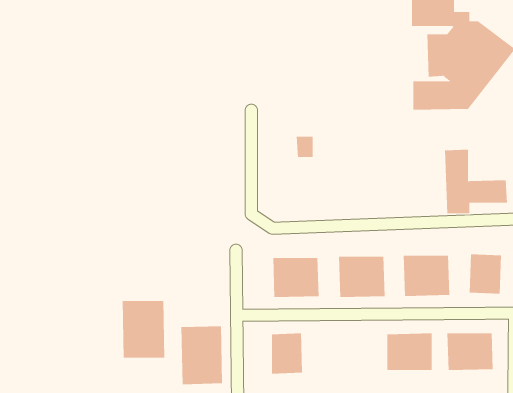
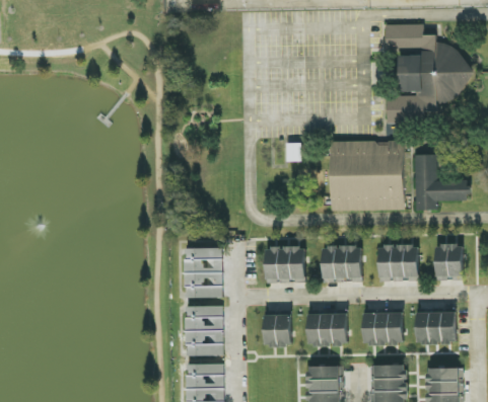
building: none -> [330,141,404,211]
building: [122,301,165,358] -> [184,248,221,298]
building: none -> [307,313,347,346]

